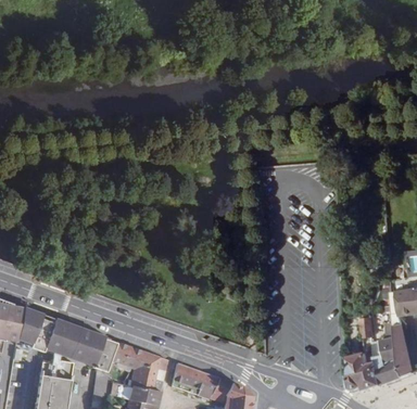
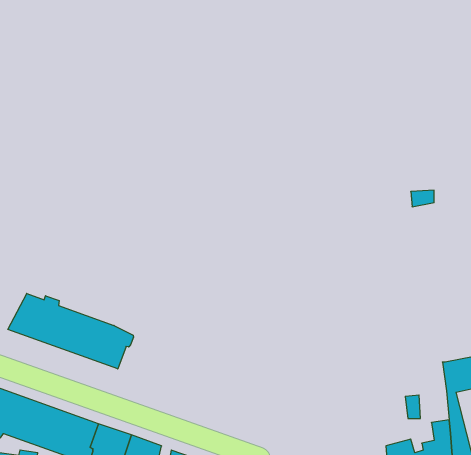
building: none -> [8,293,133,369]

